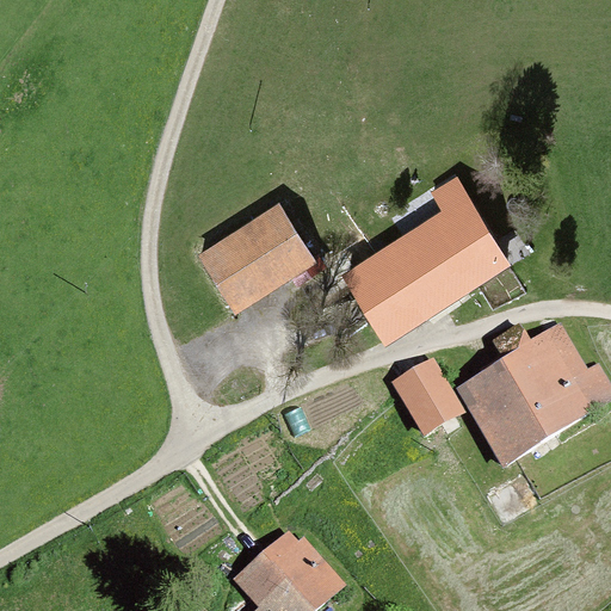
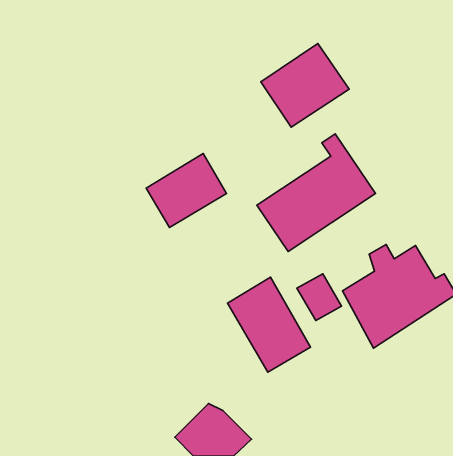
building: none -> [261,44,349,127]
building: none -> [228,277,310,372]

